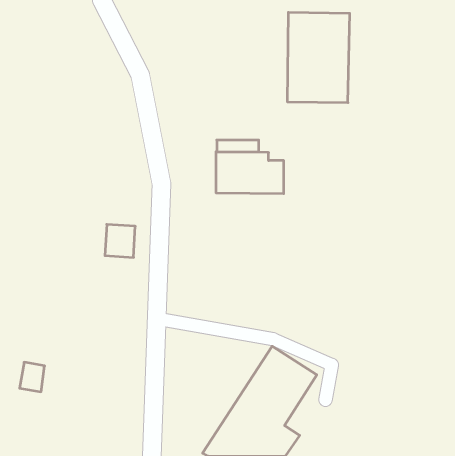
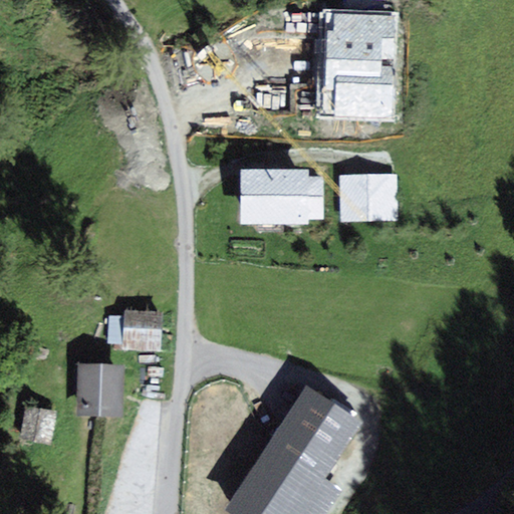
building: none -> [341,178,394,216]
building: [105,224,135,257] -> [124,311,159,348]
building: none -> [79,364,117,413]

